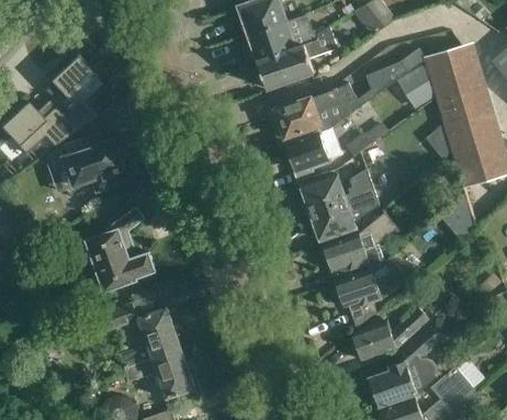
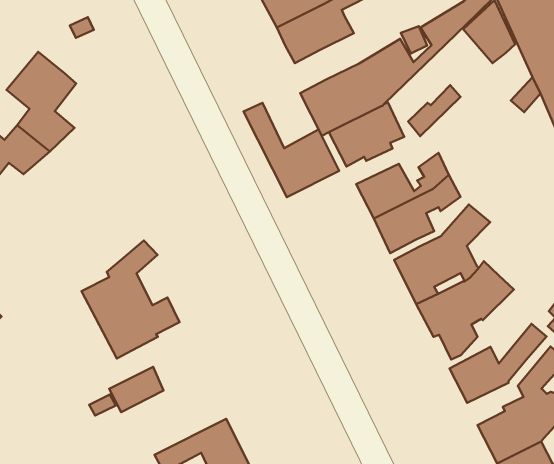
building: none -> [244,103,339,197]
building: [47,136,126,194] -> none
building: [120,308,181,368] -> none

